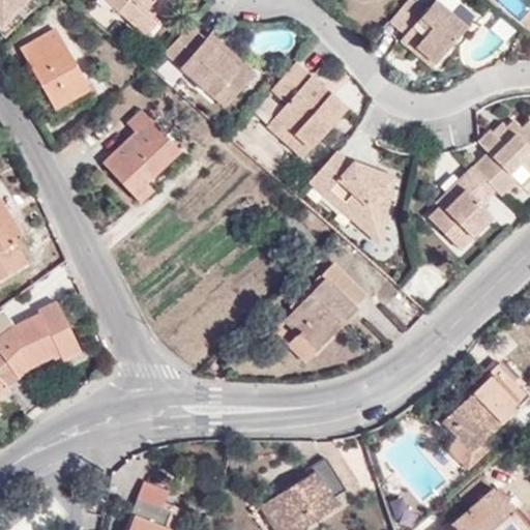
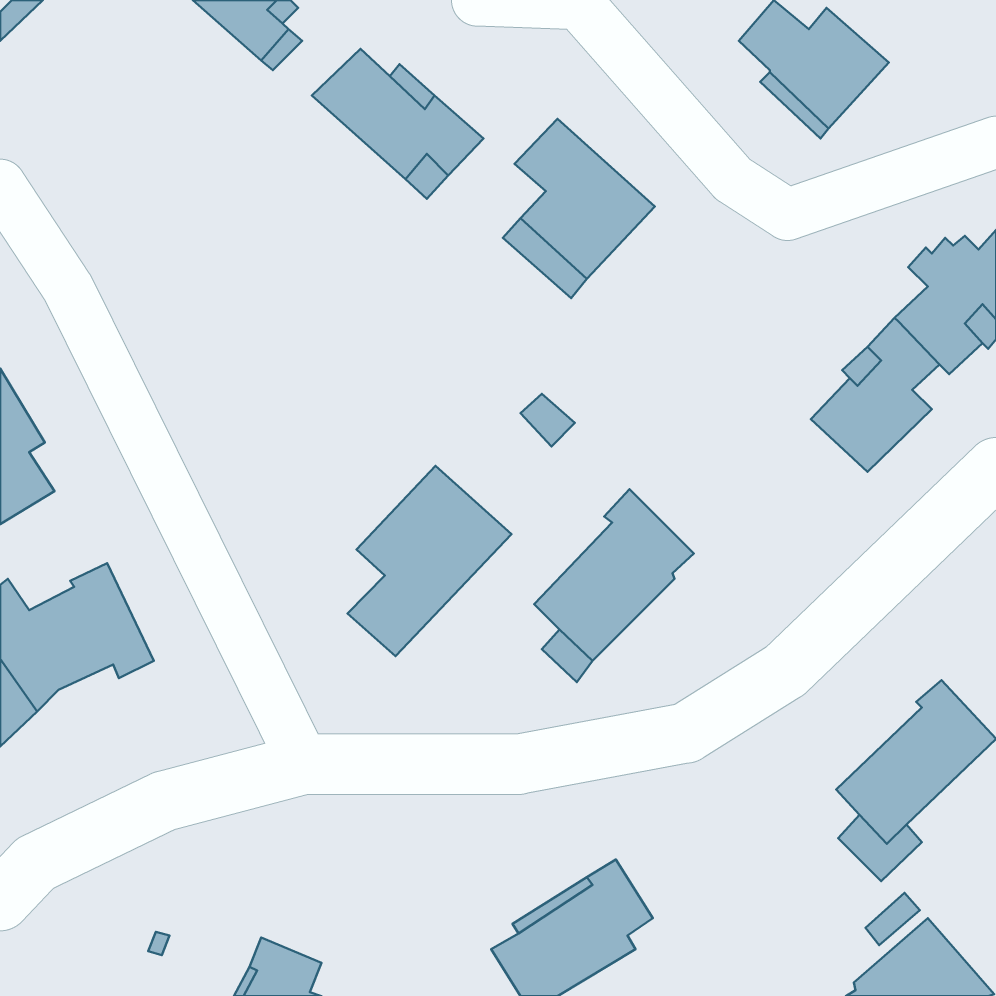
building: [21,28,89,109] -> none
building: [102,109,181,202] -> none
building: [311,150,395,241] -> none
building: none -> [348,466,511,656]

